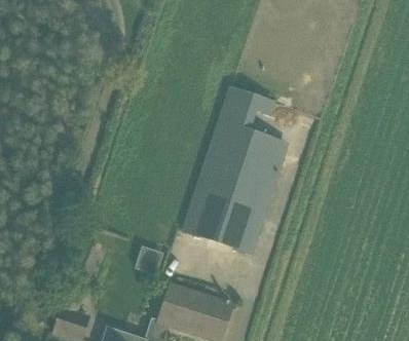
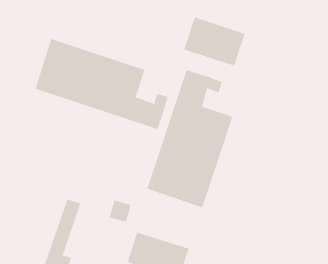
building: none -> [183,16,246,66]
building: none -> [35,38,168,130]

